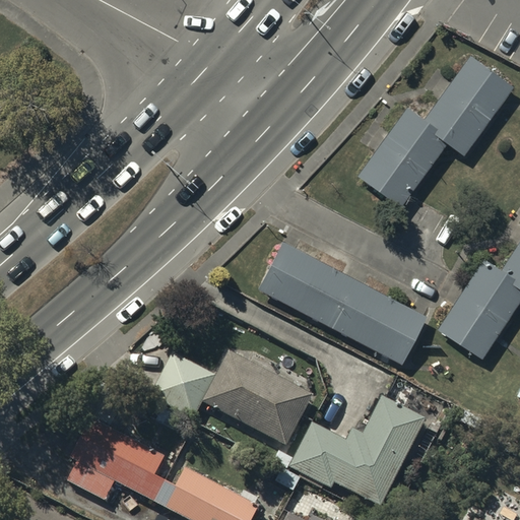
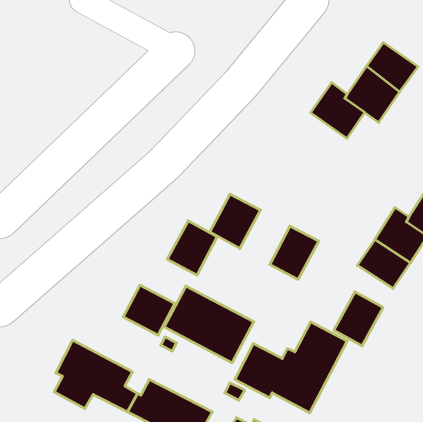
building: [359,142,427,206] -> none
building: [296,261,356,327] -> [167,221,217,275]
building: [367,299,427,365] -> [334,292,383,346]

